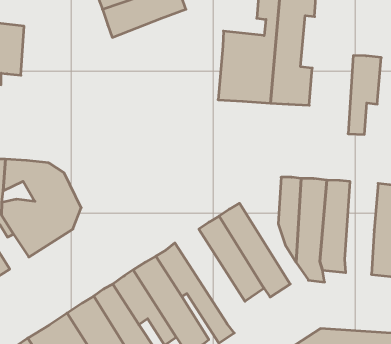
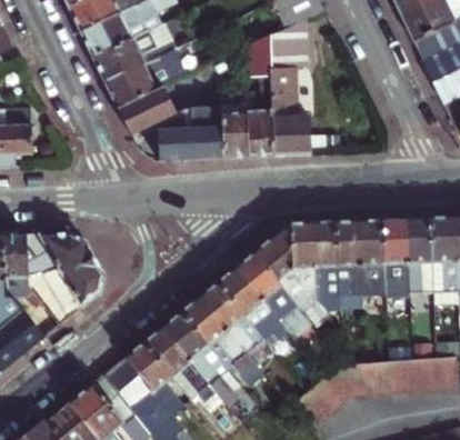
building: none -> [116,86,173,134]
building: none -> [157,106,222,160]
building: [348,56,381,134] -> [356,219,383,294]
building: none -> [253,223,327,328]
building: none -> [197,281,273,368]

